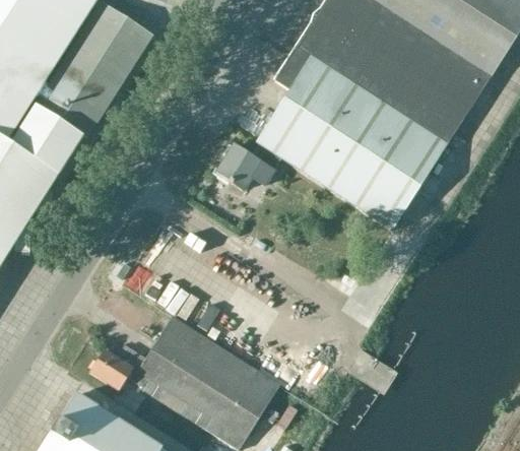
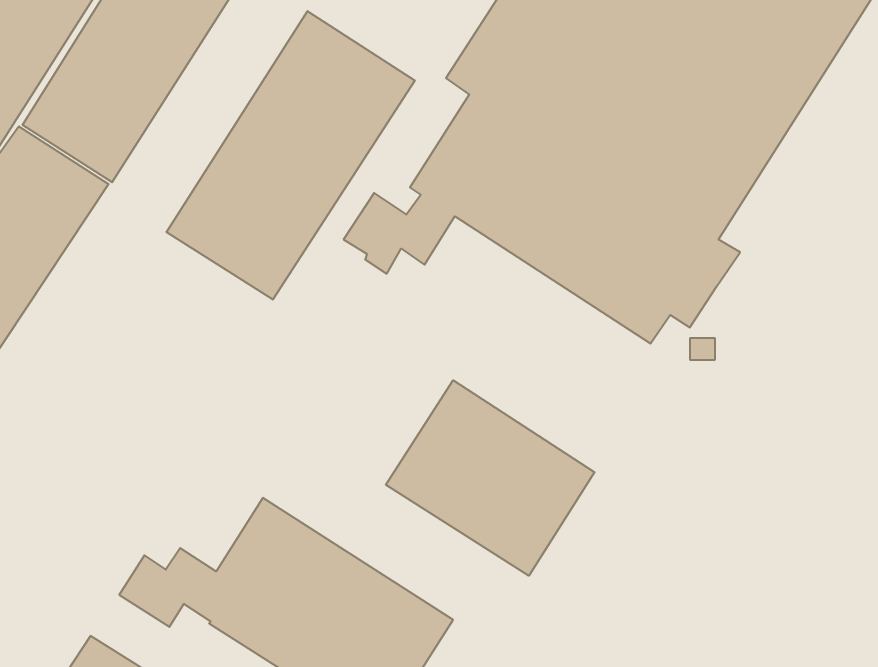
building: none -> [167,11,415,300]
building: none -> [386,380,595,576]

